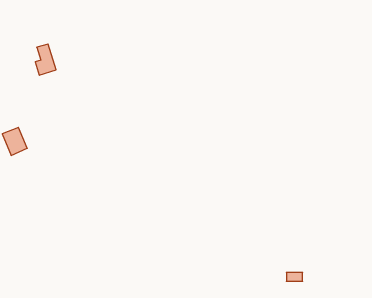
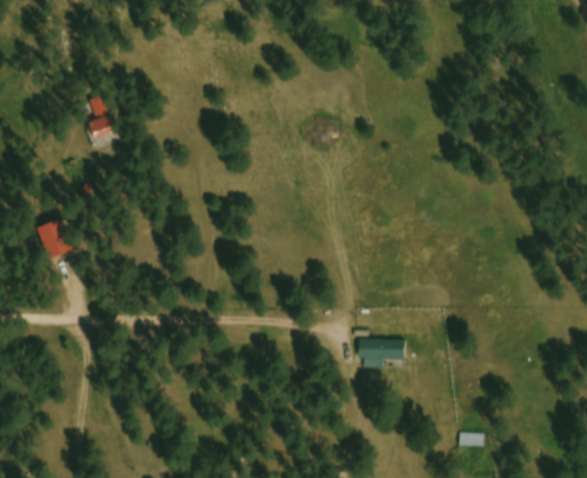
building: none -> [359,339,404,367]

